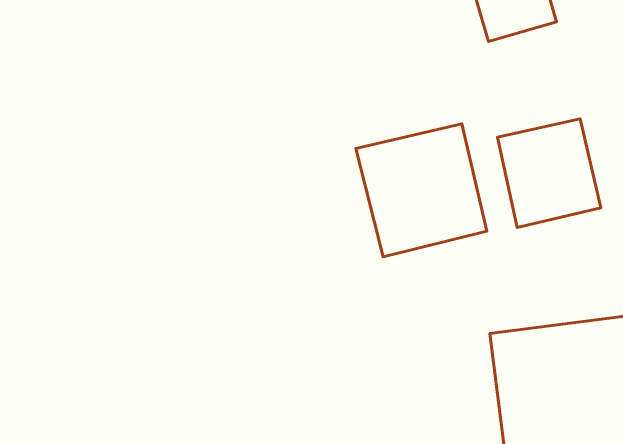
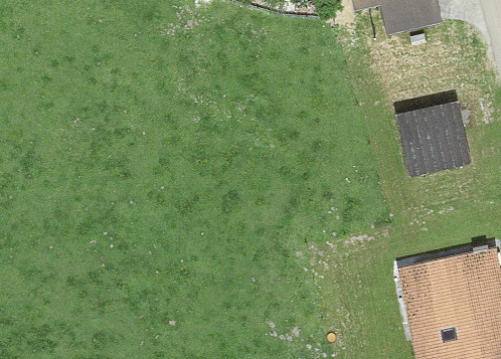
building: [356,124,487,257] -> none

